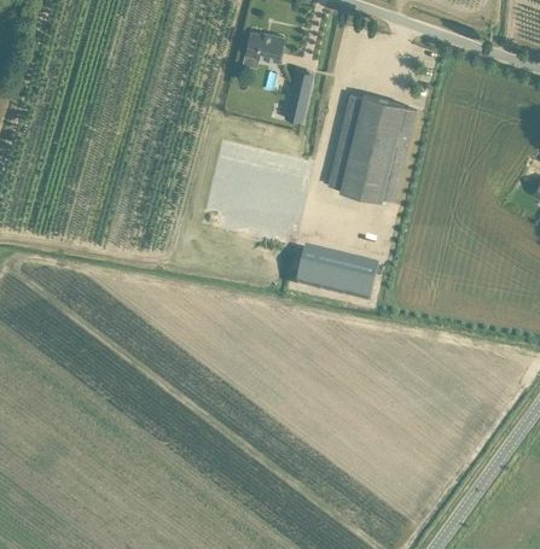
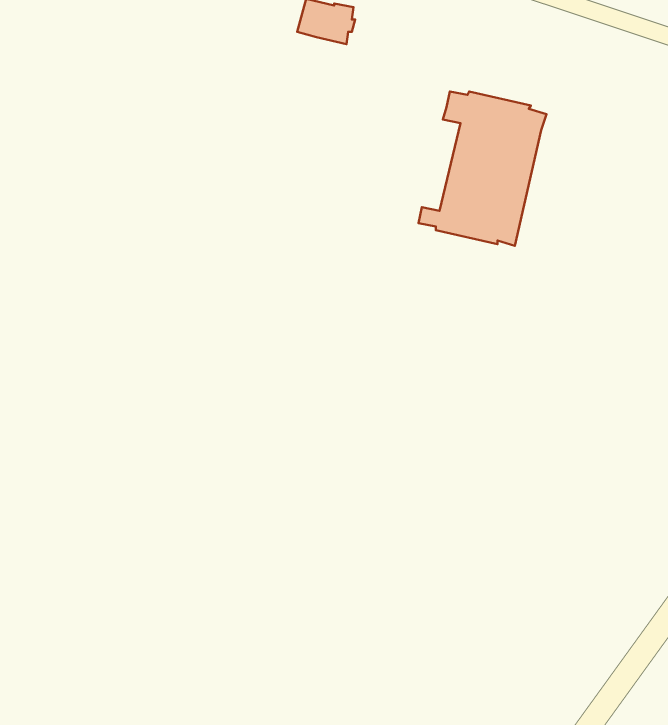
building: [285,81,310,119] -> none
building: [297,246,379,299] -> none

